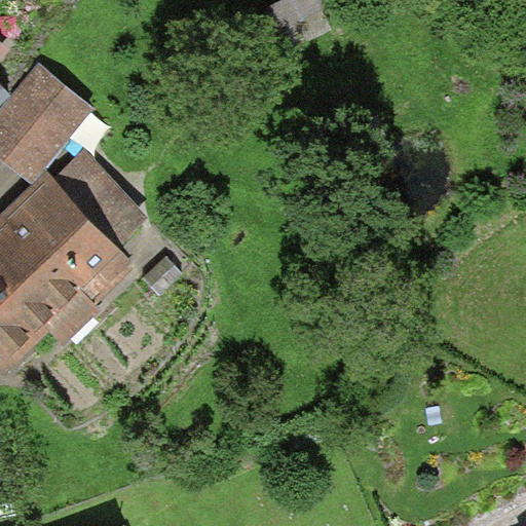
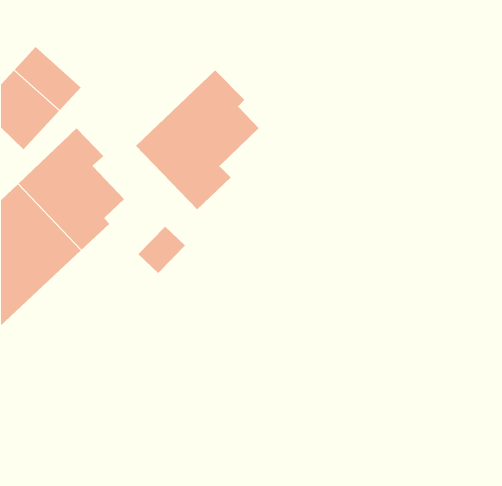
building: none -> [135,69,259,210]

